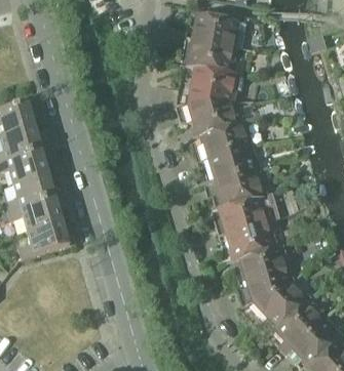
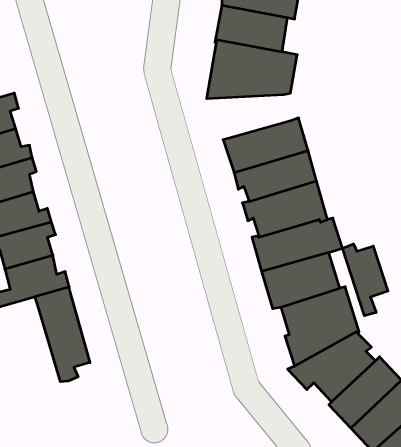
building: [178,100,241,132] -> none
building: none -> [343,244,388,316]
building: none -> [35,287,90,382]

